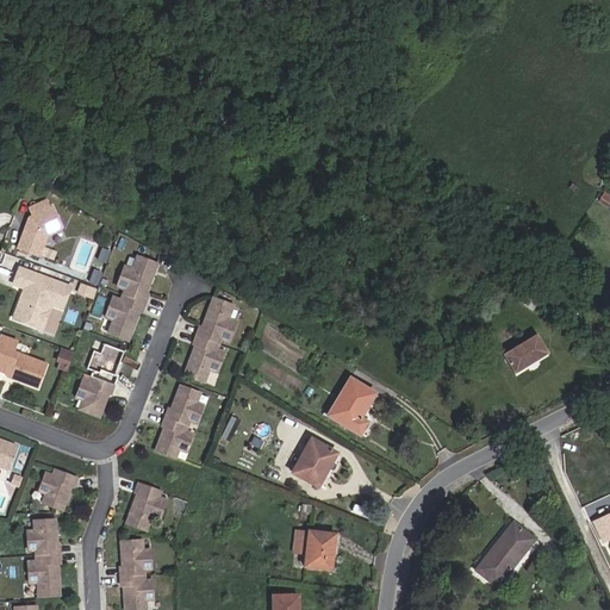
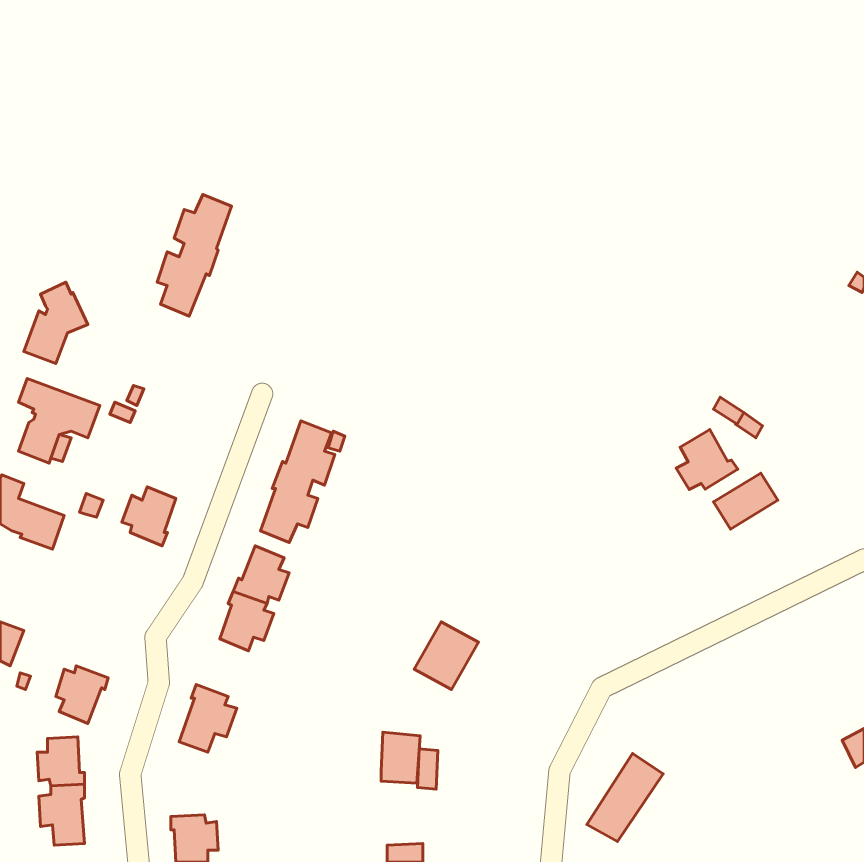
building: [105,255,157,341] -> [157,194,232,316]
building: none -> [676,430,738,490]
building: [75,375,114,417] -> none
building: [326,376,381,436] -> none
building: [480,522,534,584] -> [587,754,663,841]
building: [307,529,335,565] -> [381,732,420,783]
building: [119,540,151,575] -> none

